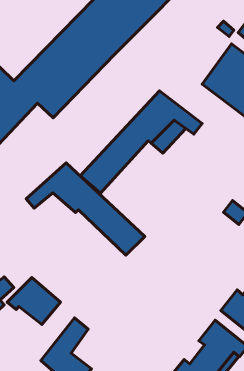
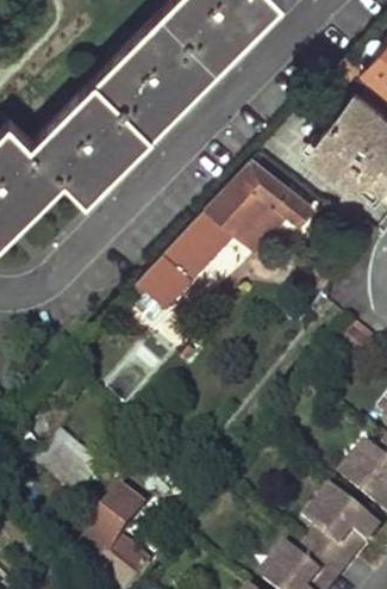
building: [26,163,145,255] -> none

